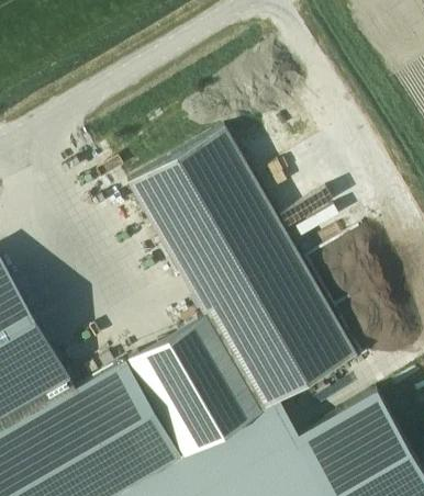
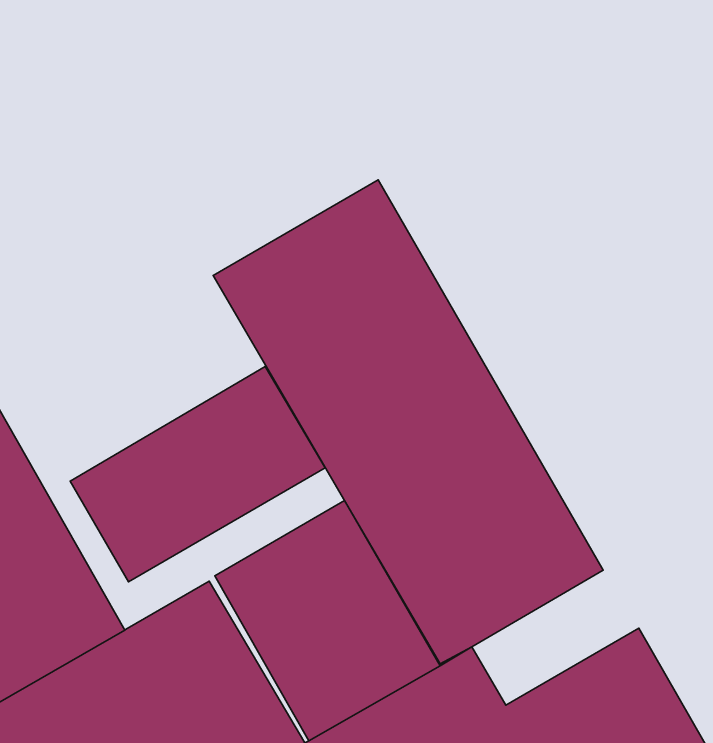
building: none -> [70,366,325,582]

